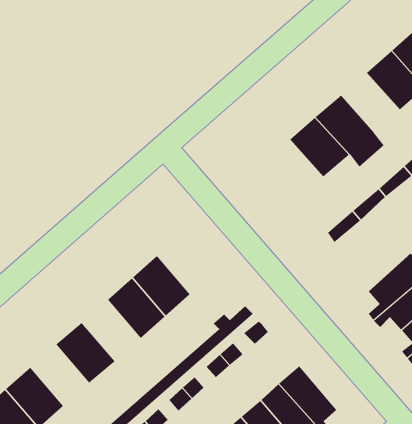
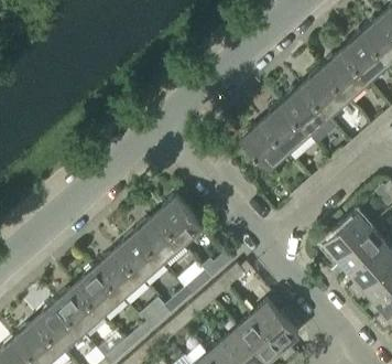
building: none -> [302,68,348,116]
building: none -> [240,121,287,170]
building: none -> [156,196,203,244]
building: none -> [97,248,143,297]
building: none -> [56,283,102,332]

